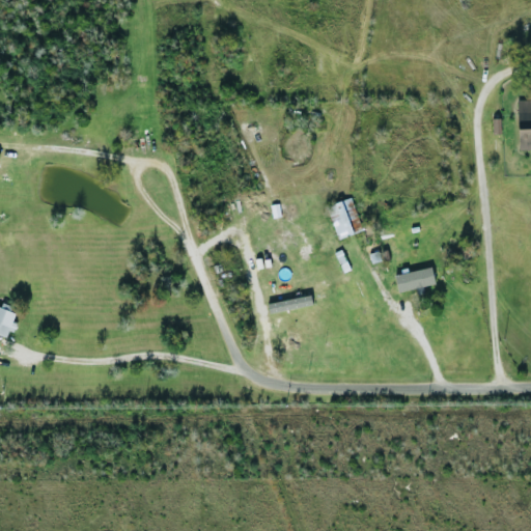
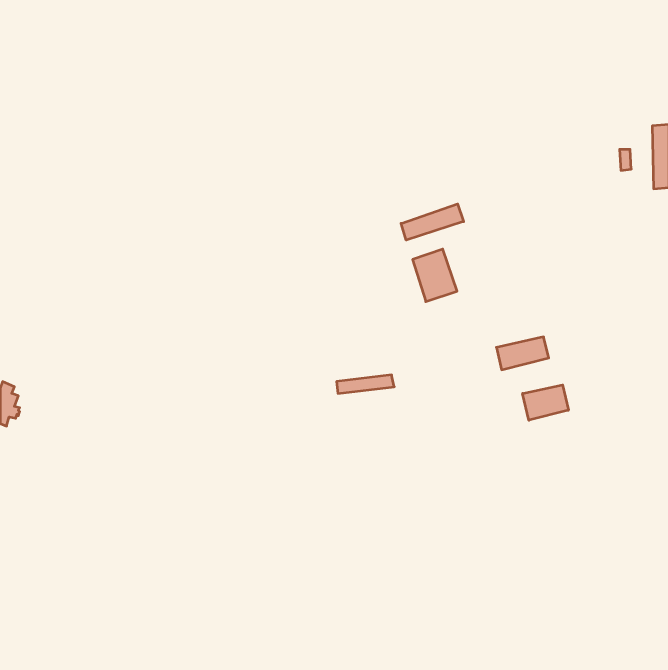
building: none -> [401,204,464,240]
building: none -> [523,385,568,420]

